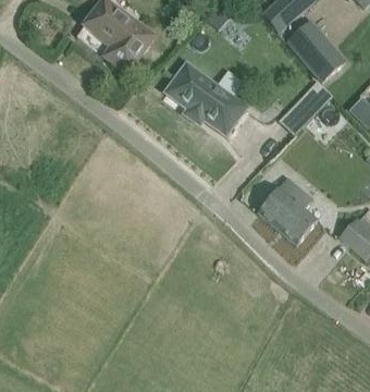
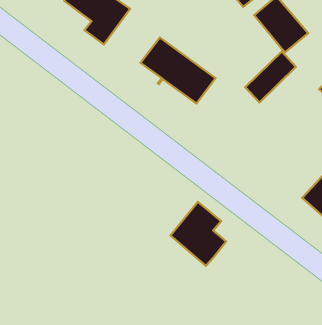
building: [258,175,318,244] -> [170,202,226,266]

